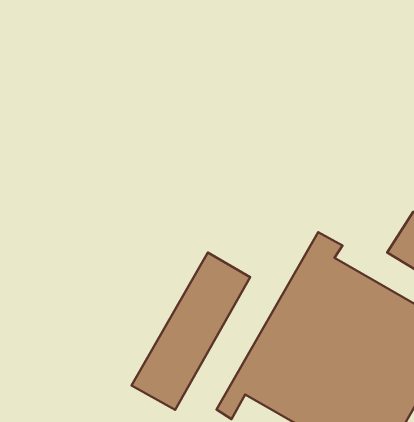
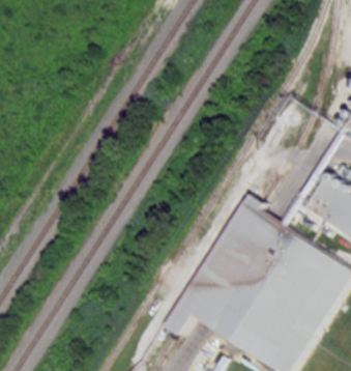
building: [131,252,250,410] -> none

